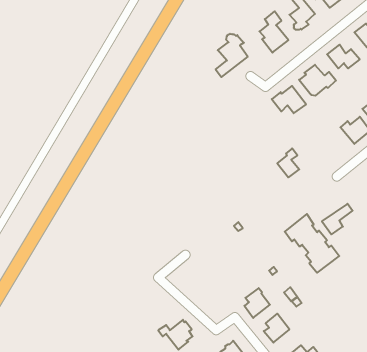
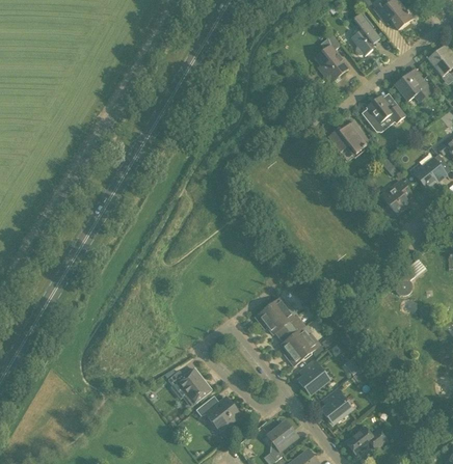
building: [216,34,248,77] -> none
building: [277,148,299,177] -> [382,180,408,214]
building: [285,214,339,273] -> [256,295,320,364]
building: none -> [168,366,211,404]

